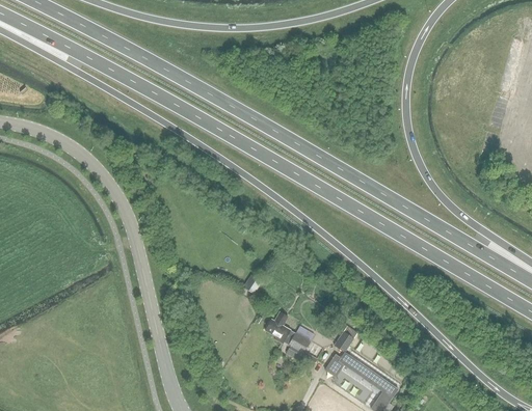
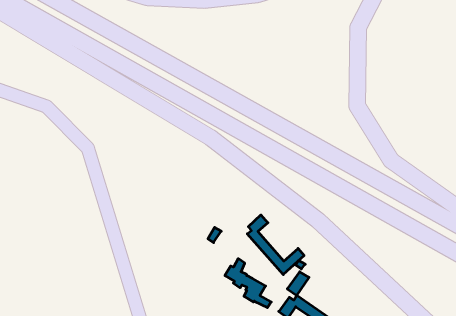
building: none -> [247,215,304,275]

